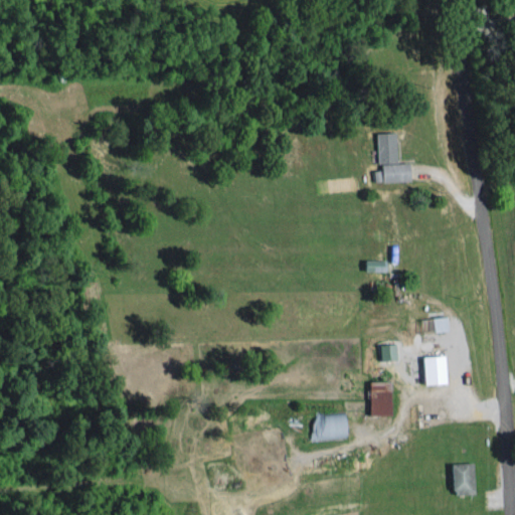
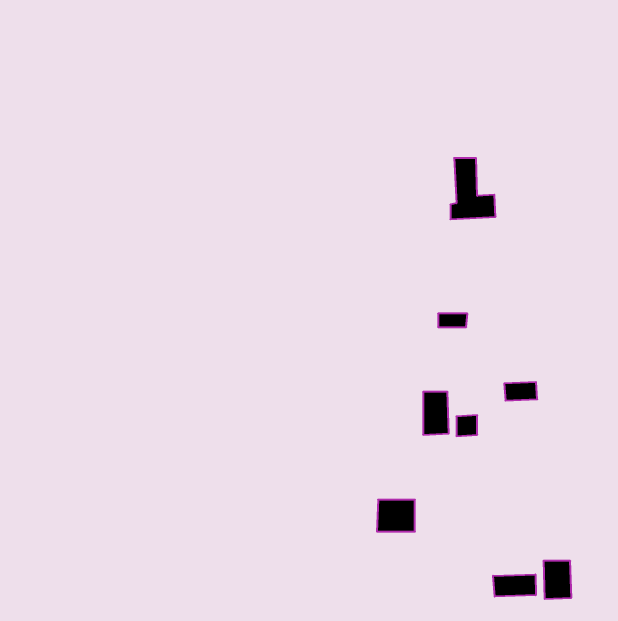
building: [422,357,447,385] -> none
building: [371,382,392,417] -> [423,392,449,435]
building: none -> [493,574,536,597]

